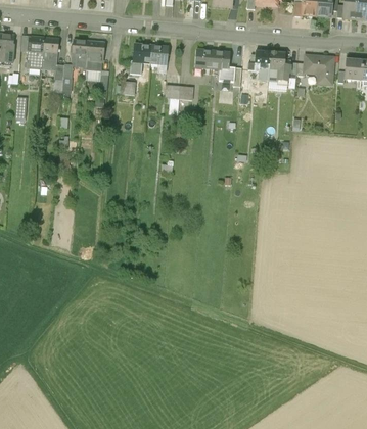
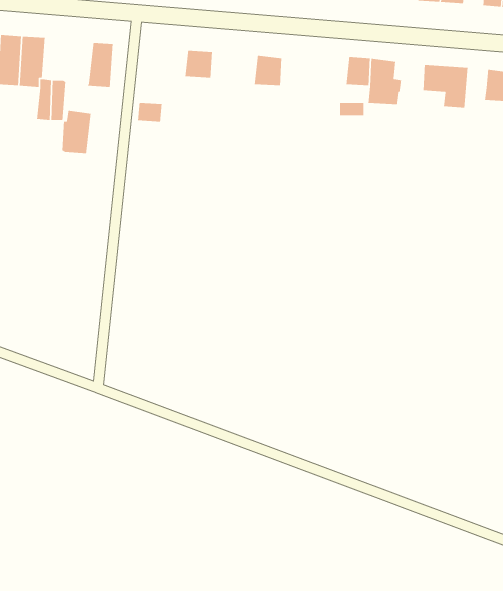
building: [71,39,90,67] -> [61,110,91,154]
building: [130,44,151,75] -> none
building: [212,51,235,83] -> none
building: [164,83,191,103] -> none

